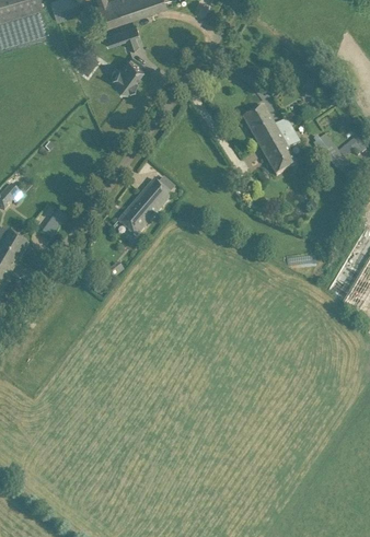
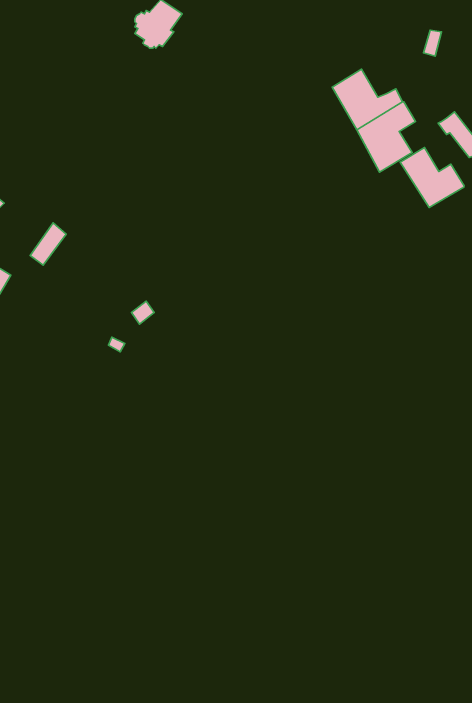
building: none -> [400,147,464,208]
building: [117,176,171,233] -> none

